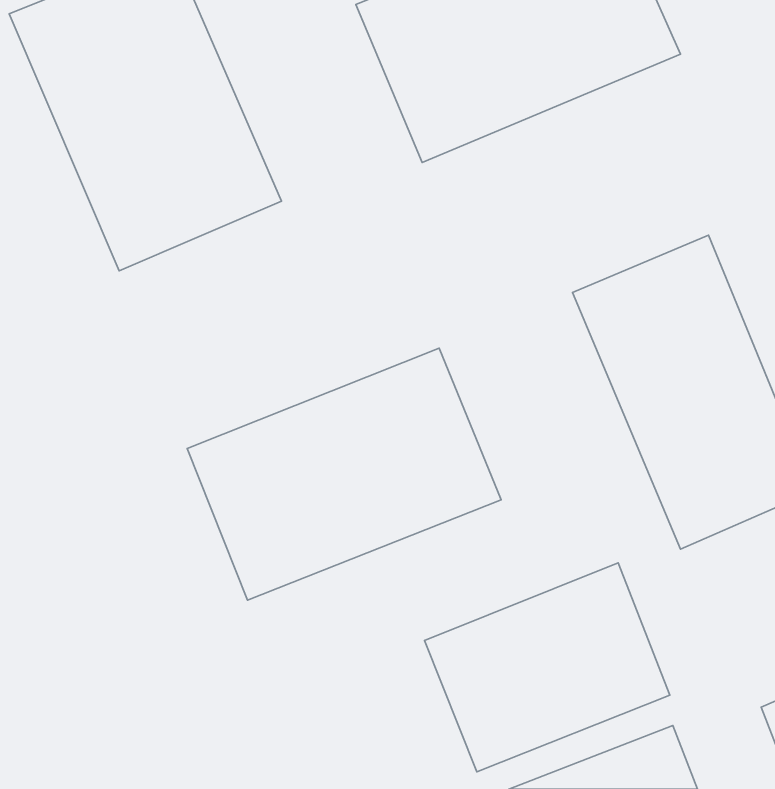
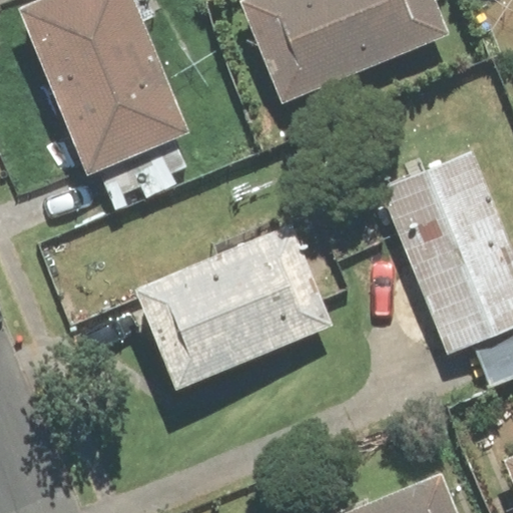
building: [425,563,670,772] -> none

